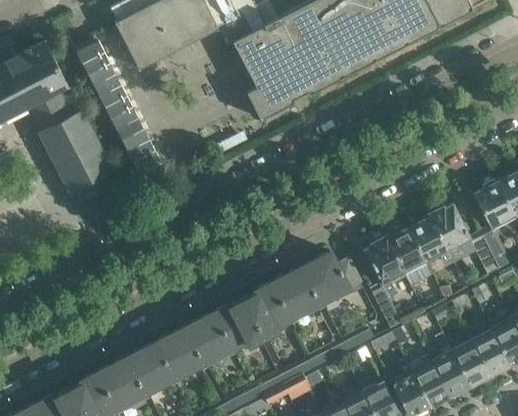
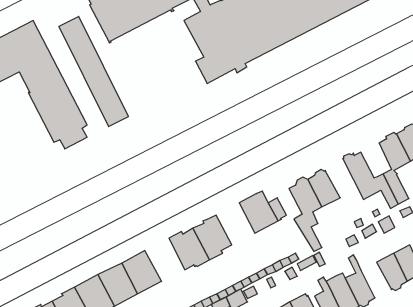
building: [406,213,454,268] -> none
building: [271,267,319,320] -> none
building: [183,311,232,365] -> none
building: [450,341,488,386] -> none

